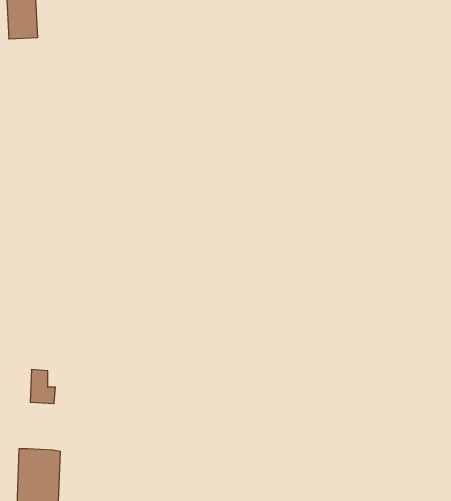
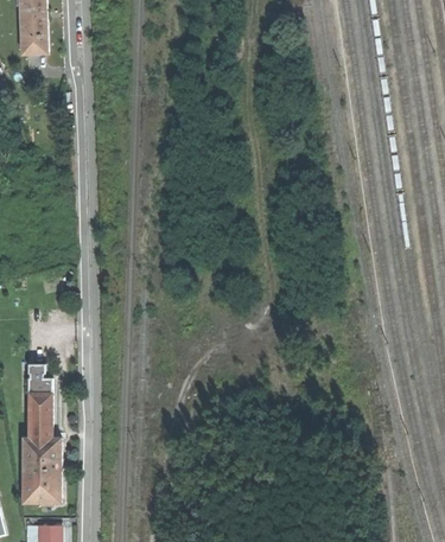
building: none -> [32,394,57,439]

